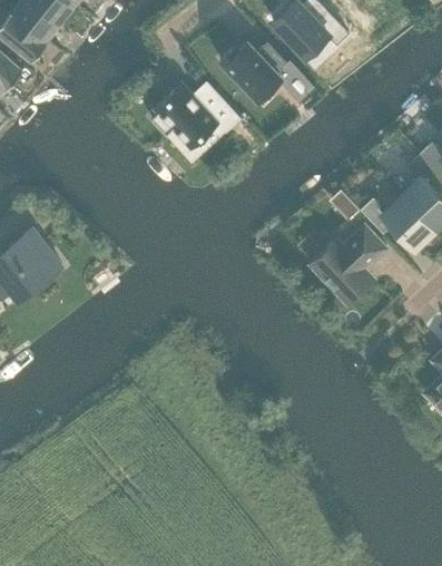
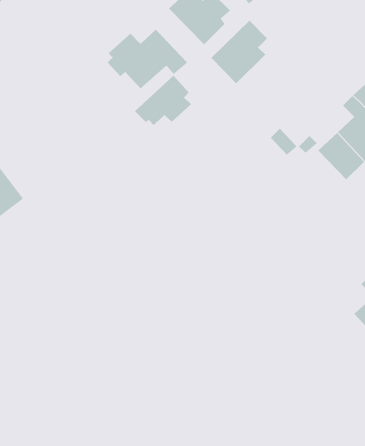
building: none -> [210,20,268,84]
building: none -> [134,75,192,126]
building: [307,223,386,305] -> none

